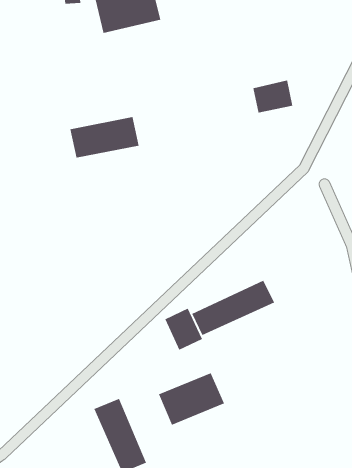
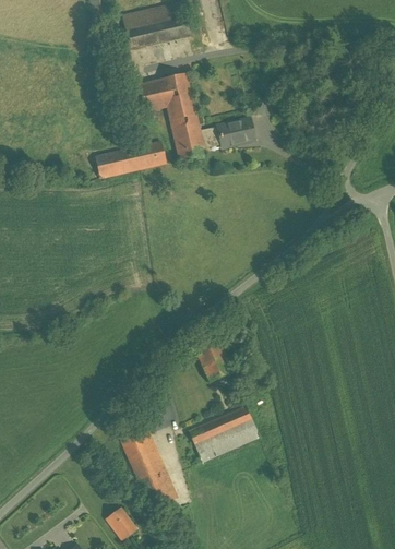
building: none -> [139,68,210,163]
building: [253,80,293,113] -> [215,116,258,151]
building: [192,280,275,336] -> none

